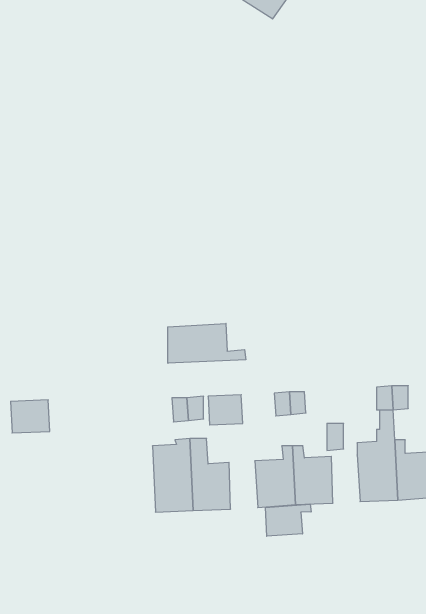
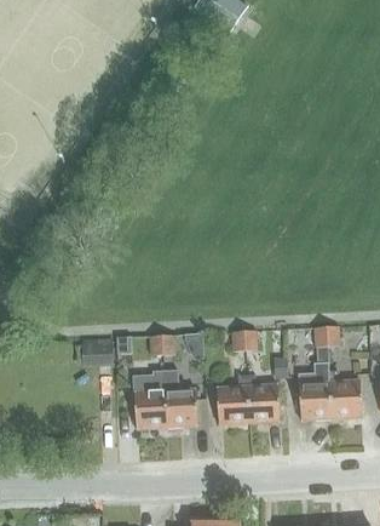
building: [168,323,246,363] -> none
building: [11,400,50,433] -> [81,339,113,366]
building: [265,504,311,536] -> none

